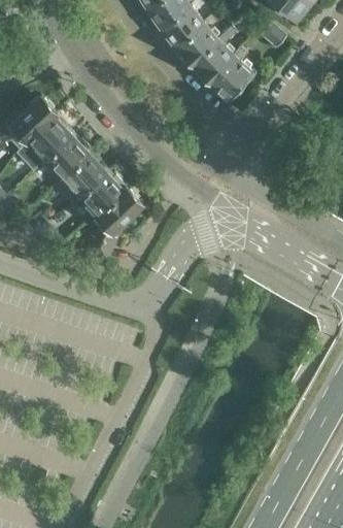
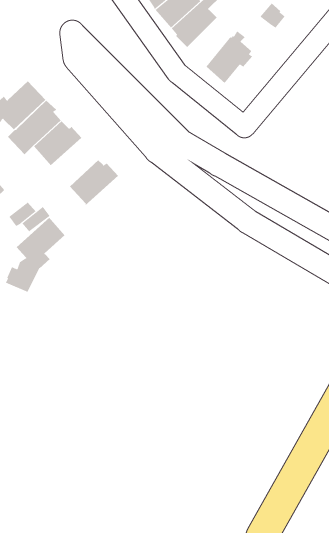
building: [186,26,232,82] -> none
building: [57,150,102,196] -> none
building: [79,186,137,258] -> [5,217,66,293]

